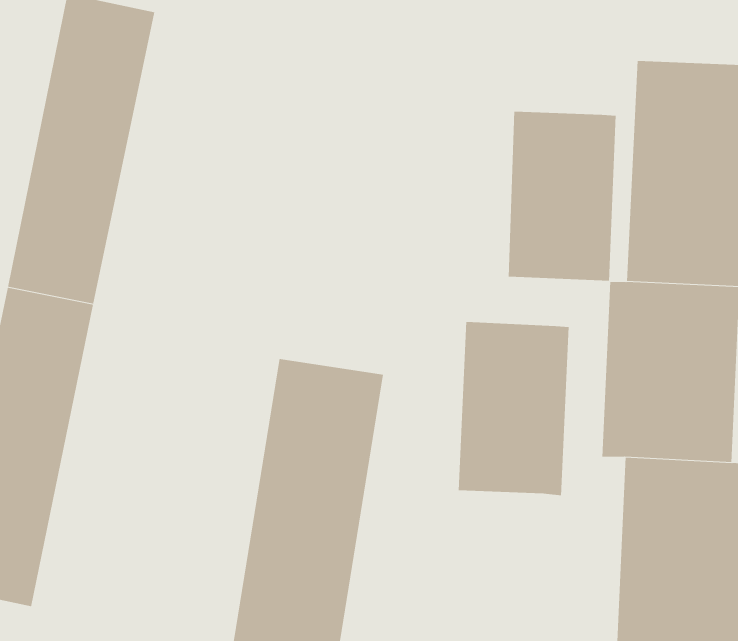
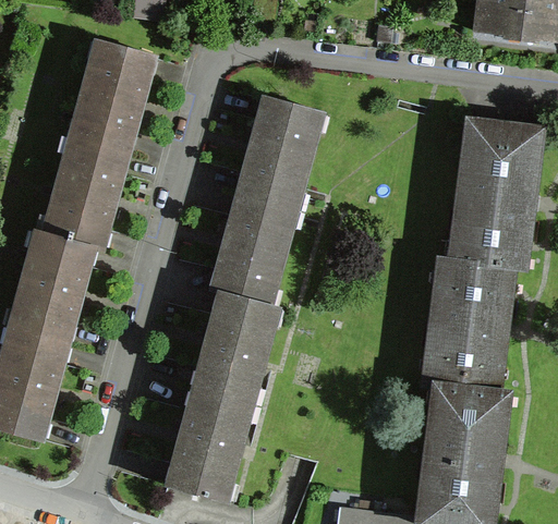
building: none -> [214,92,331,306]
building: [508,111,616,281] -> none
building: [458,321,569,496] -> none

